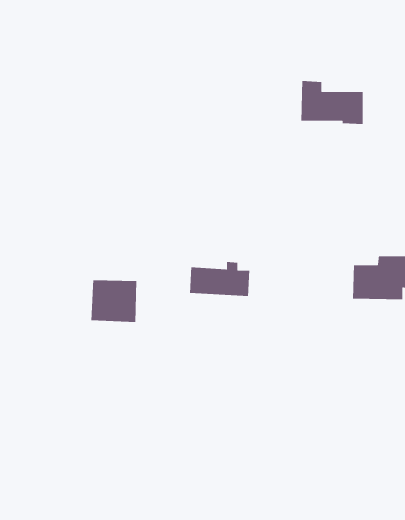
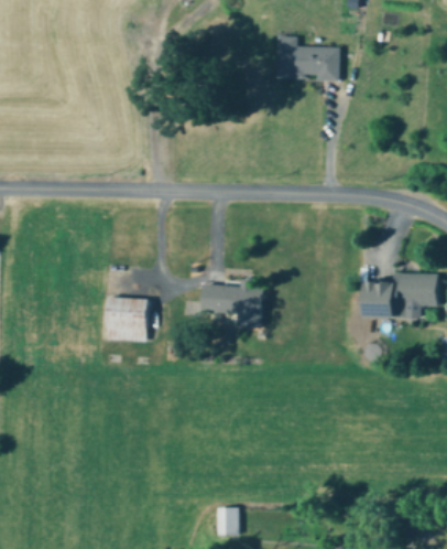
building: [300,80,363,125] -> [276,36,340,82]
building: none -> [214,508,238,536]

